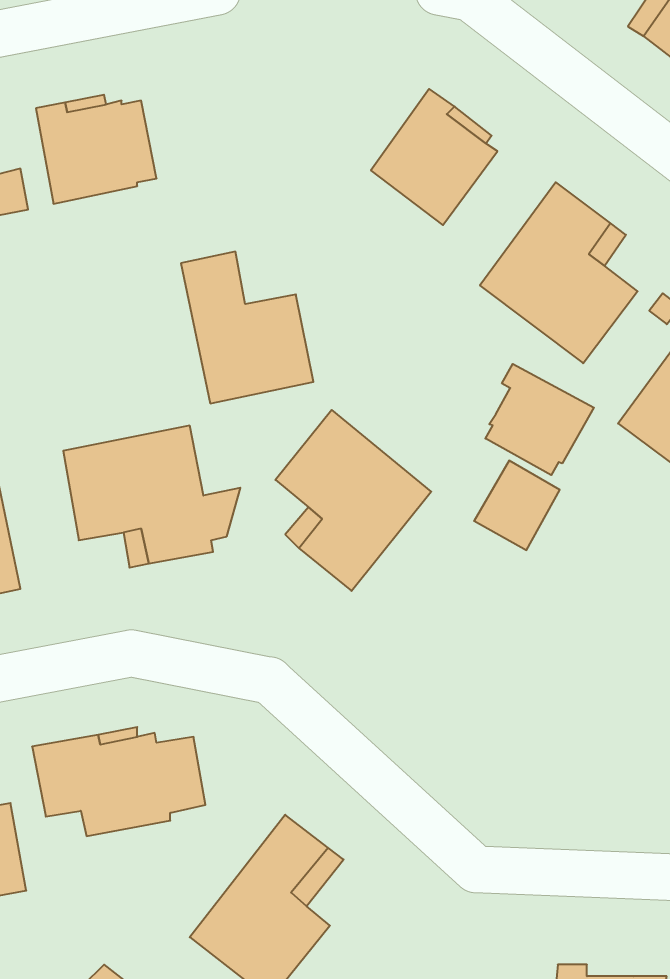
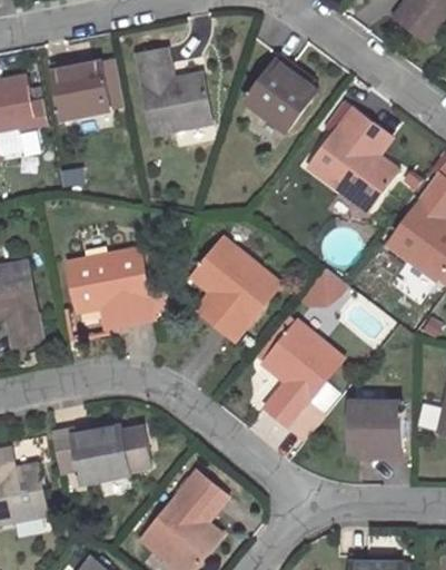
building: [181,252,313,403] -> [136,49,211,136]
building: [485,364,594,475] -> none
building: none -> [260,320,341,440]
building: none -> [347,401,400,460]

